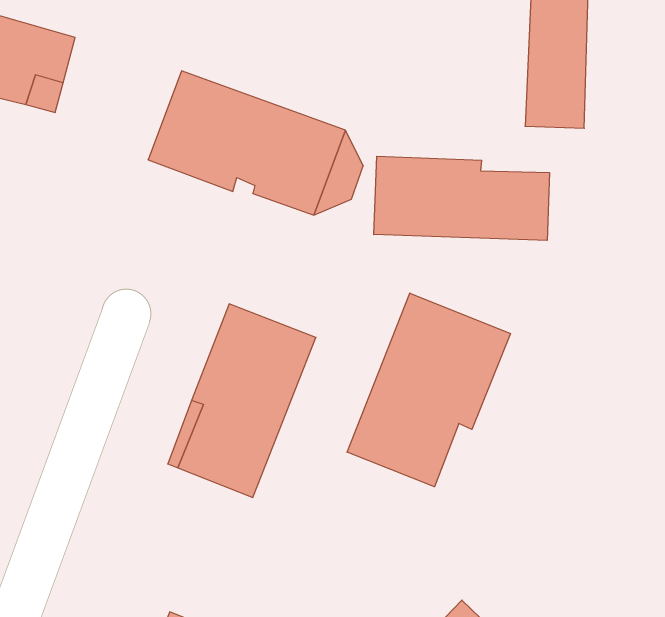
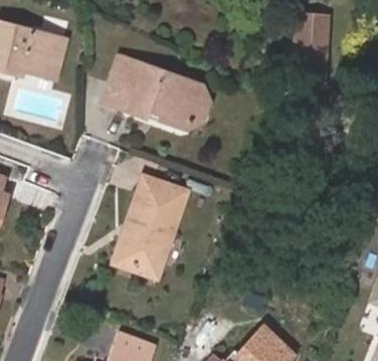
building: [374,156,549,240] -> none
building: [347,293,511,487] -> none

